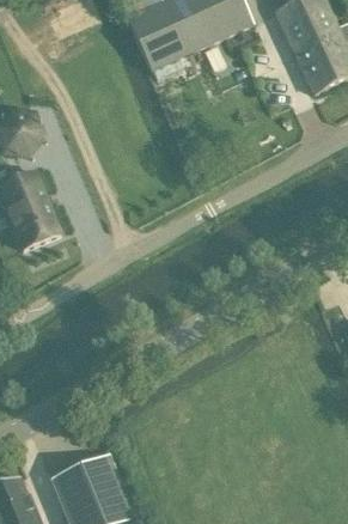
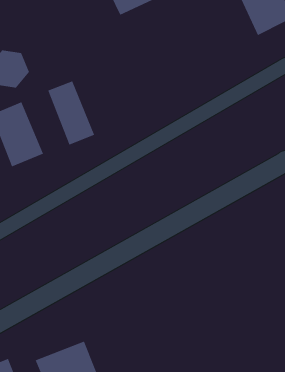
building: none -> [47,81,95,146]

